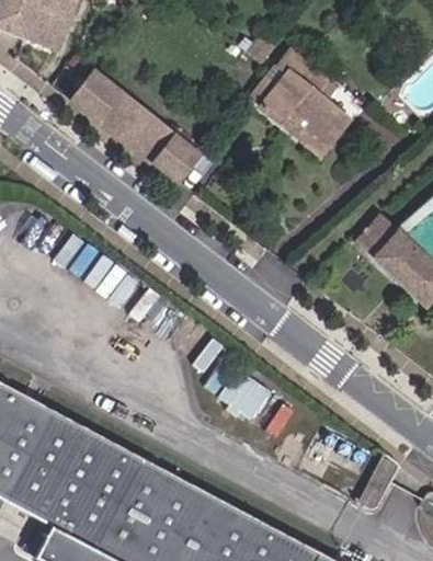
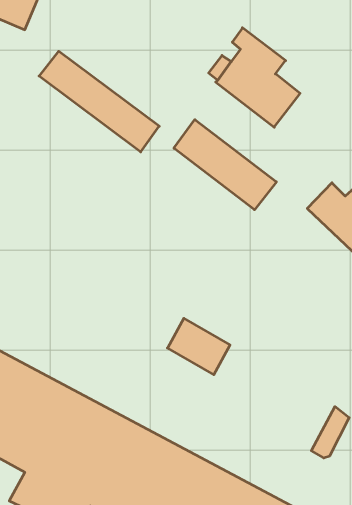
building: none -> [174,120,276,210]

